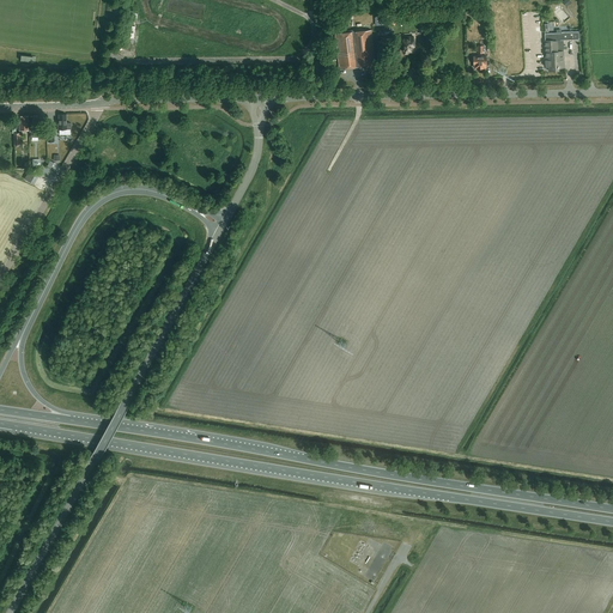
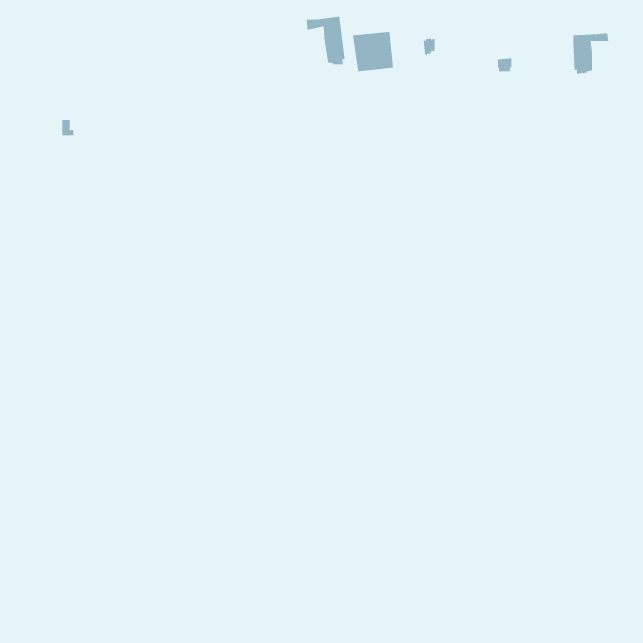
building: none -> [306,16,345,65]

